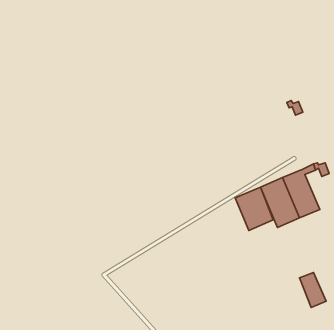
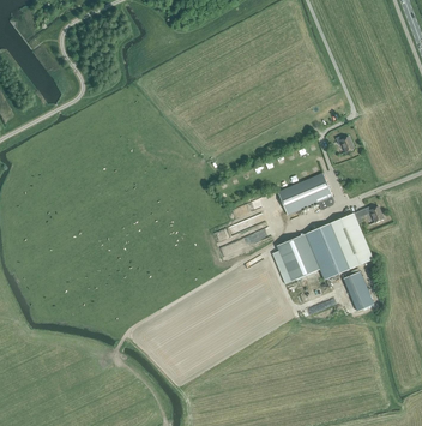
building: none -> [278,172,333,214]
building: [300,273,326,307] -> [343,271,373,311]

